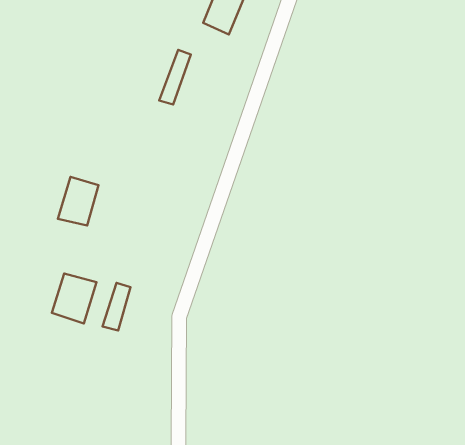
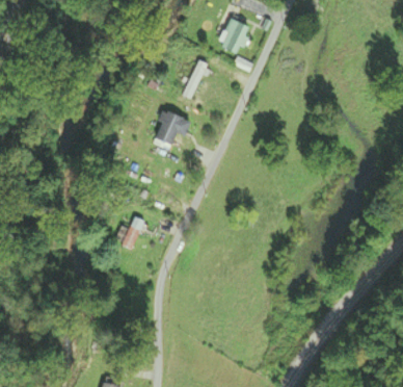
building: [58,177,98,226] -> [152,109,183,145]
building: [52,274,96,324] -> none

